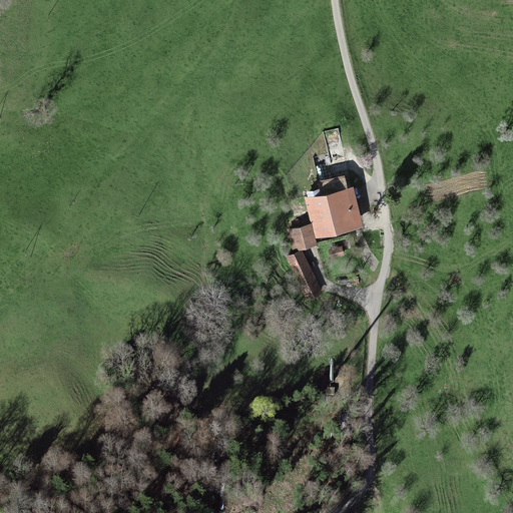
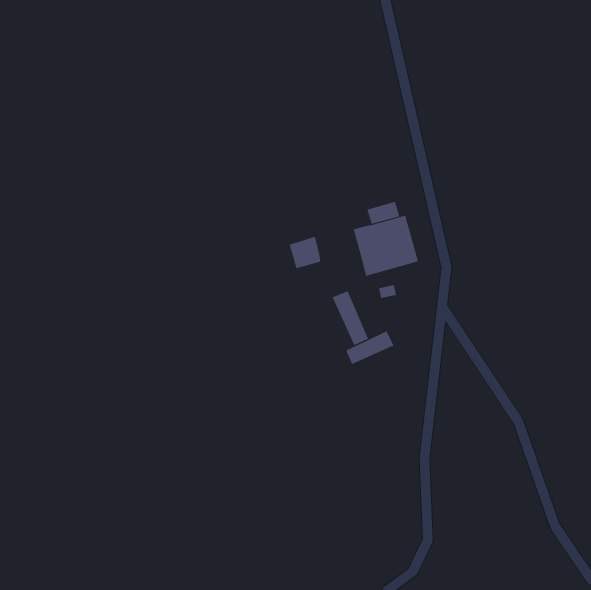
building: [290,223,318,251] -> [289,236,321,269]
building: none -> [345,330,394,365]

